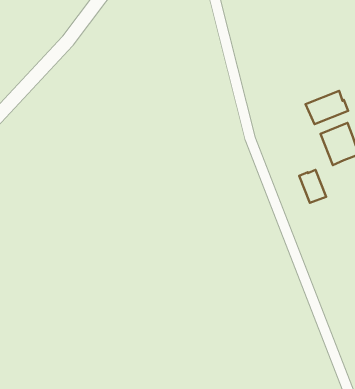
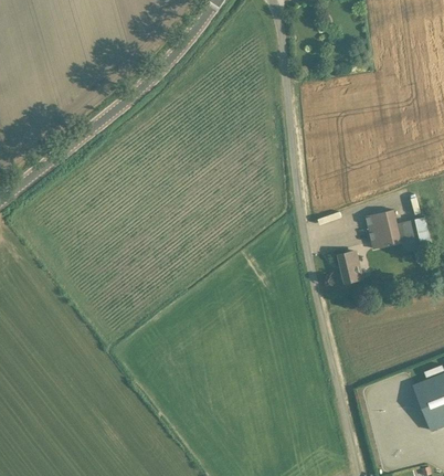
building: [306,91,348,124] -> none

